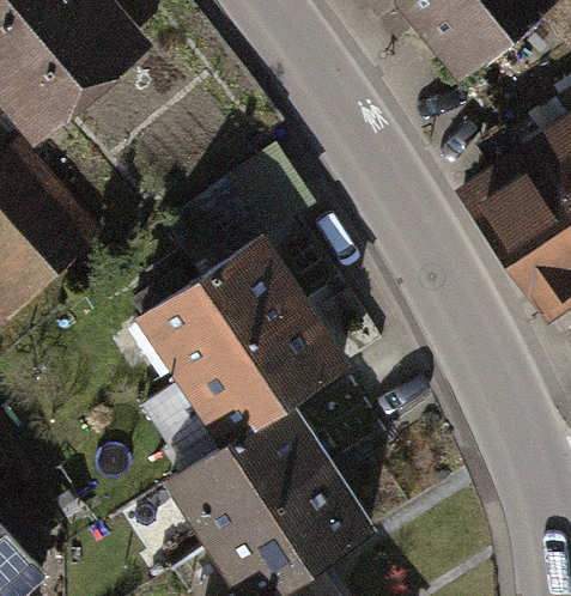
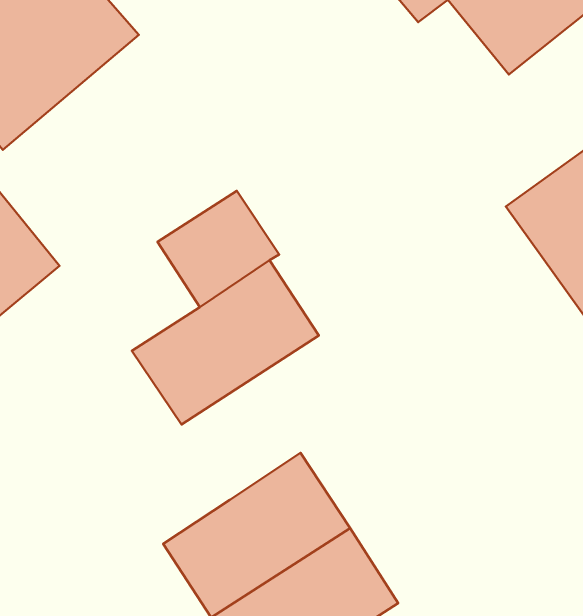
building: [192,303,348,442] -> none

